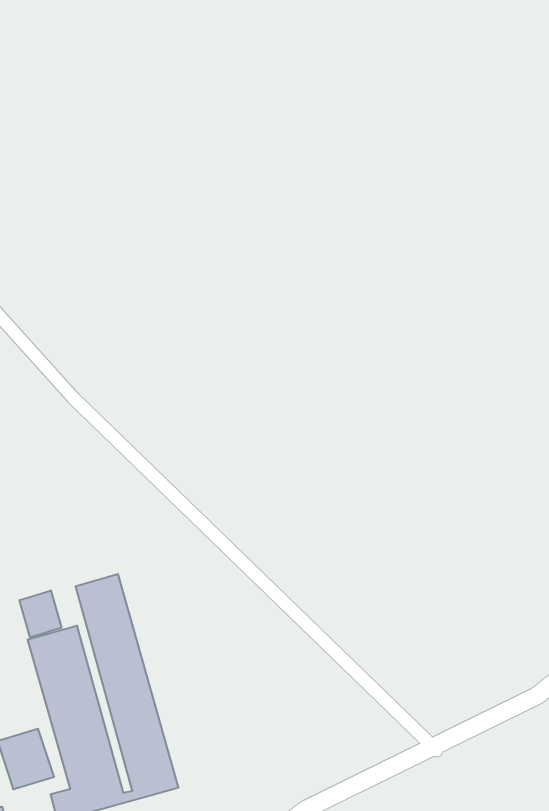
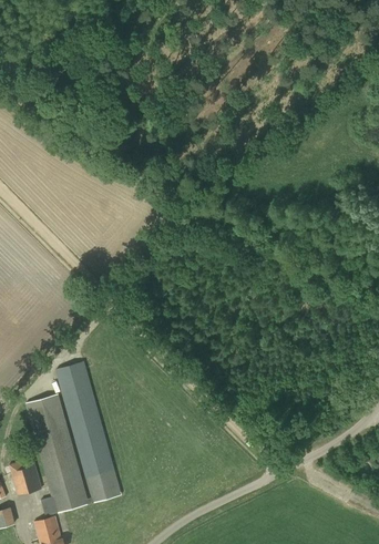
building: [20,590,61,637] -> none

